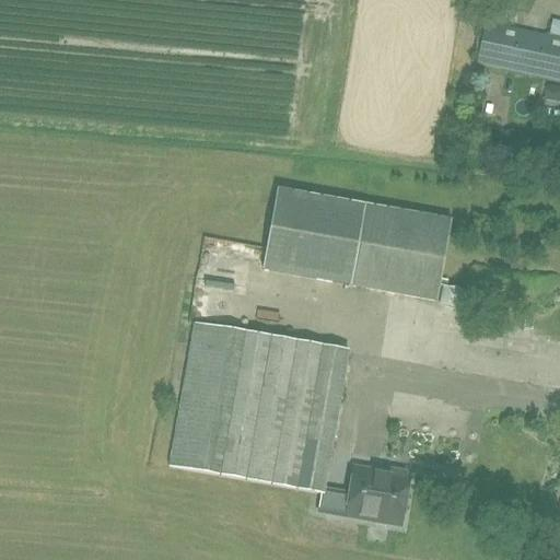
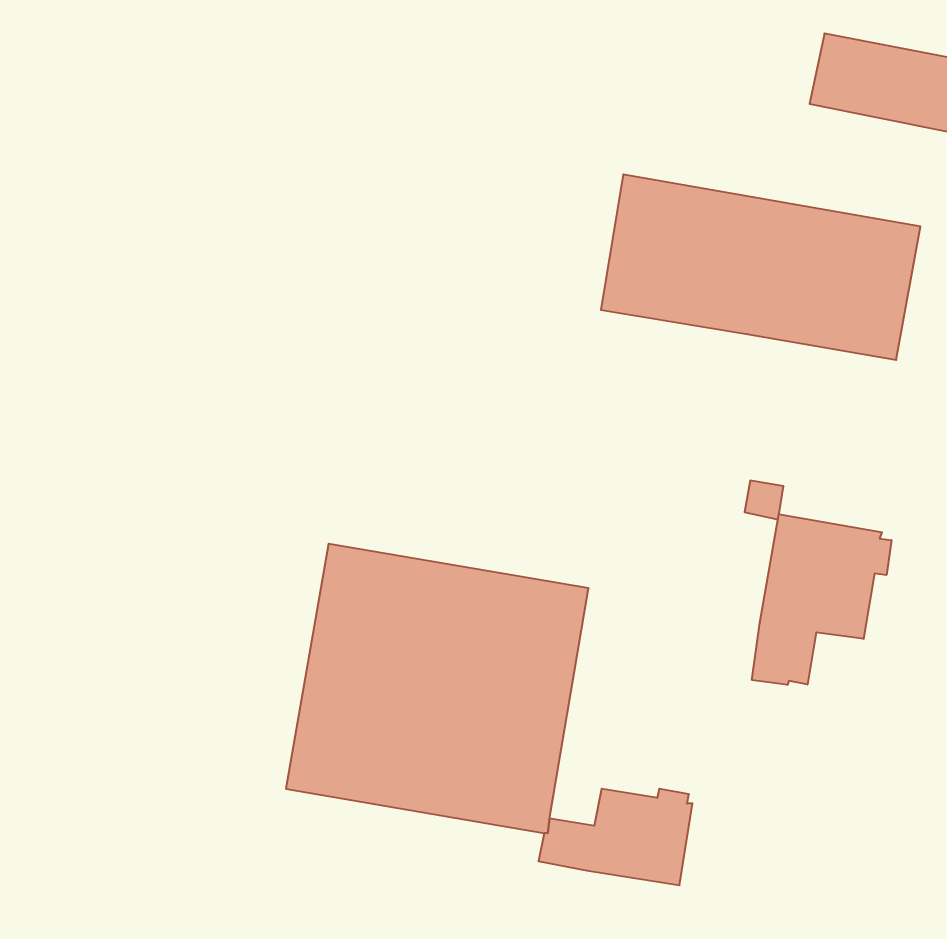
building: [262,188,451,298] -> [601,174,920,360]
building: none -> [752,514,891,685]

